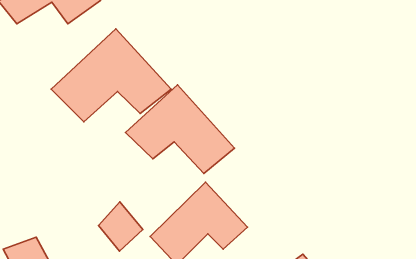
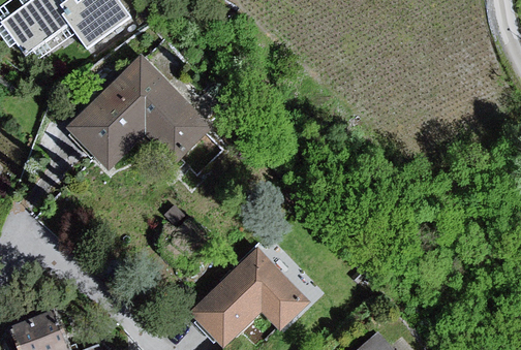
building: [125,85,235,174] -> none
building: [99,202,143,251] -> none

